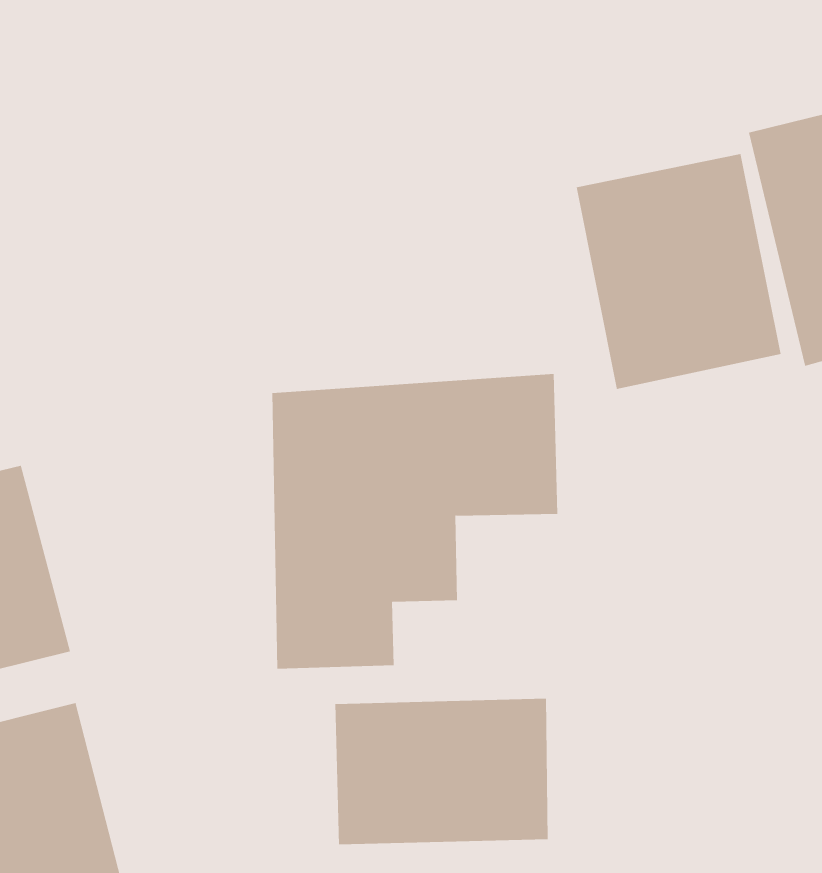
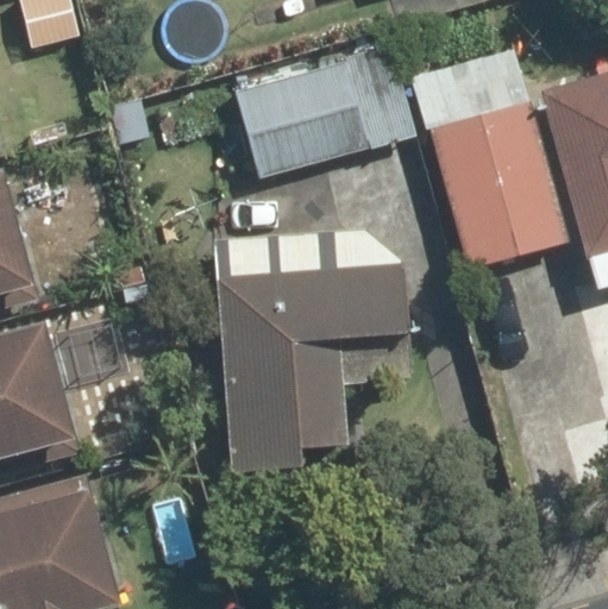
building: none -> [228,45,410,177]
building: [335,698,548,845] -> none

